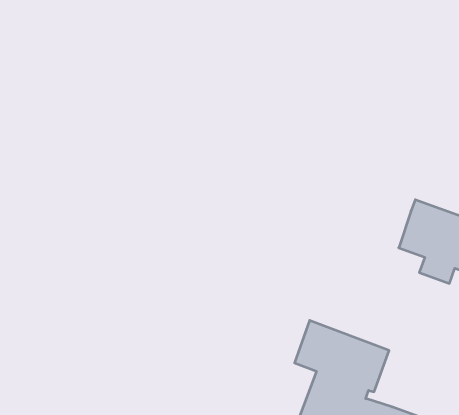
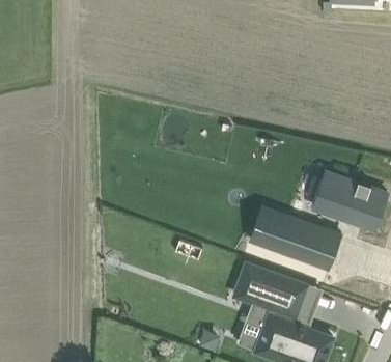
building: none -> [246,208,337,271]

